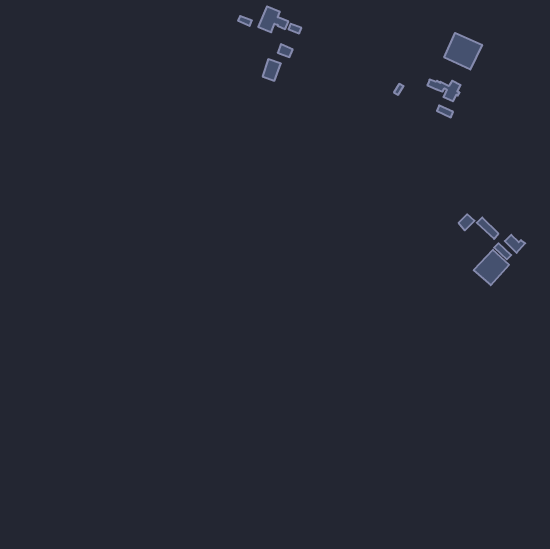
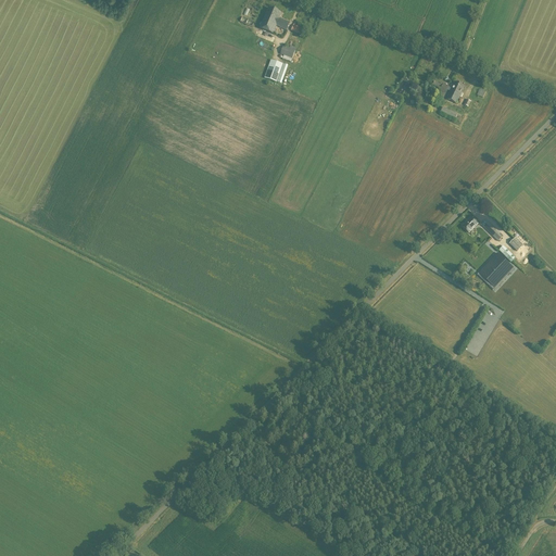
building: [444,33,482,70] -> none

